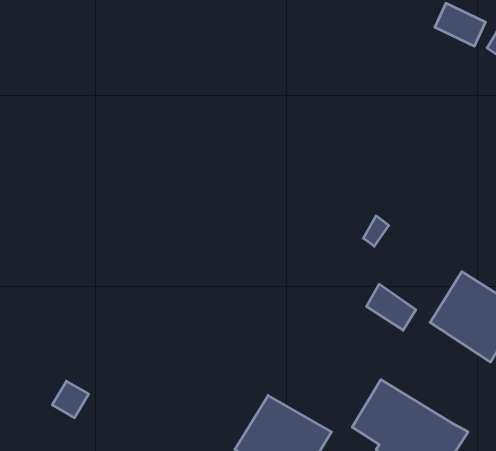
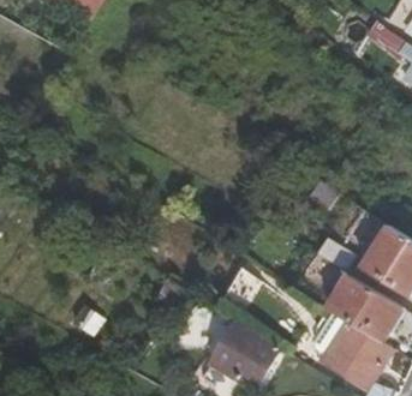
building: none -> [322,276,398,343]

